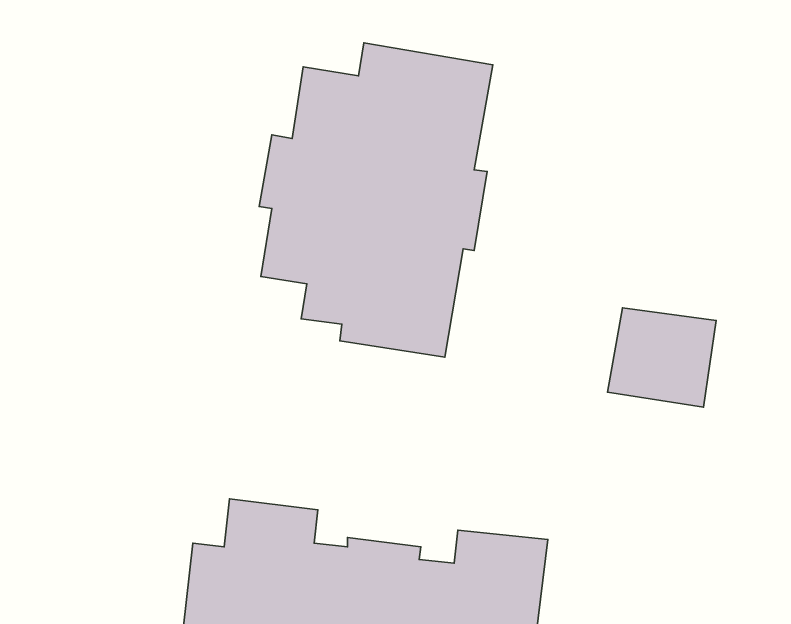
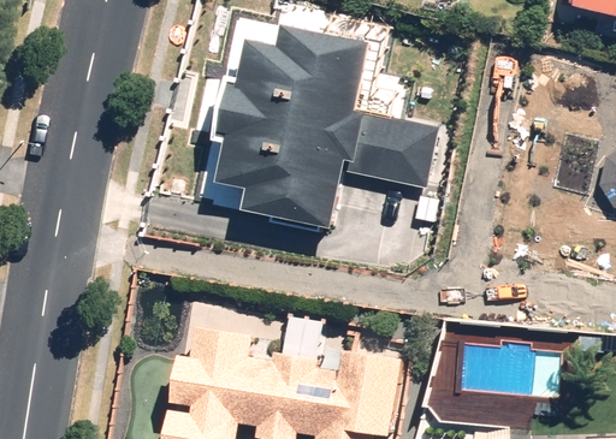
building: [608,308,716,407] -> [363,118,434,183]

